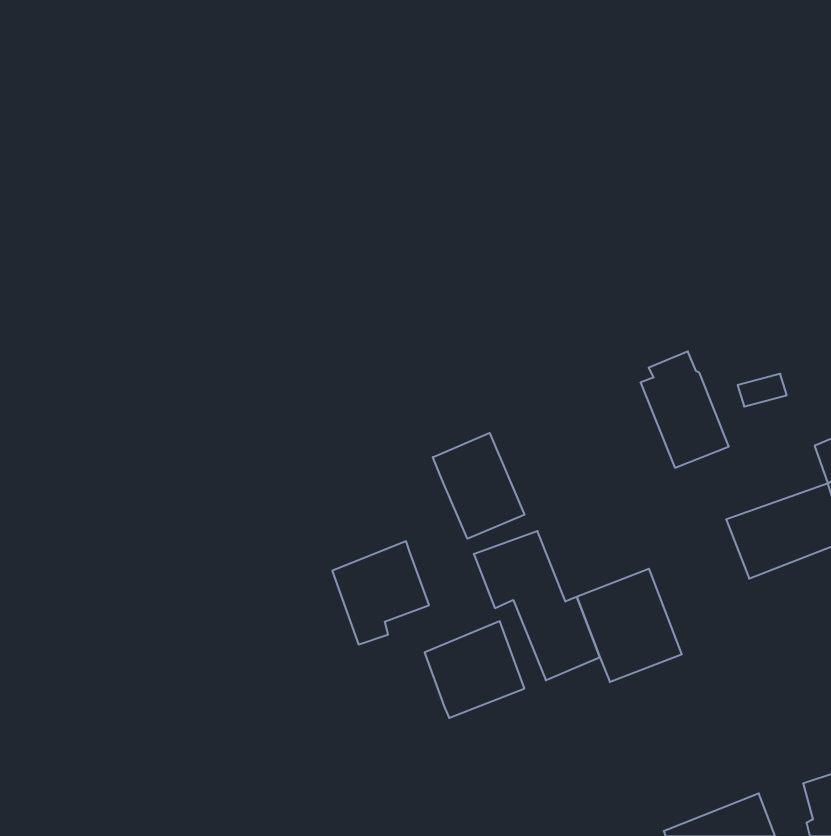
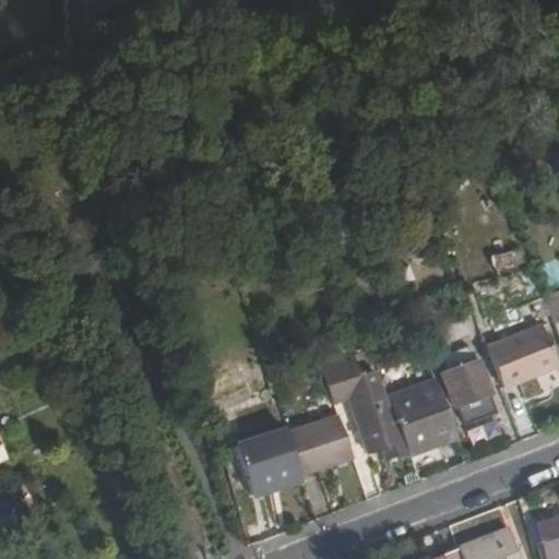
building: [640,351,729,468] -> [439,348,498,426]
building: [433,433,524,539] -> none
building: [332,541,429,644] -> [236,428,300,497]

